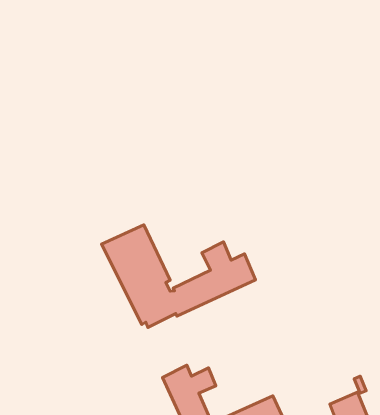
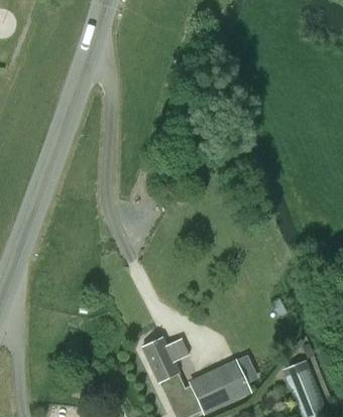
building: [102,225,255,327] -> none

